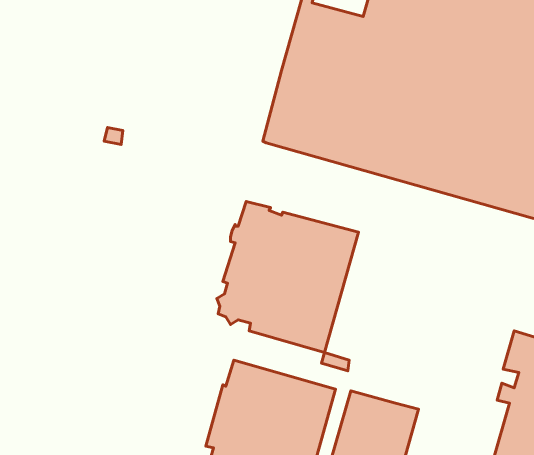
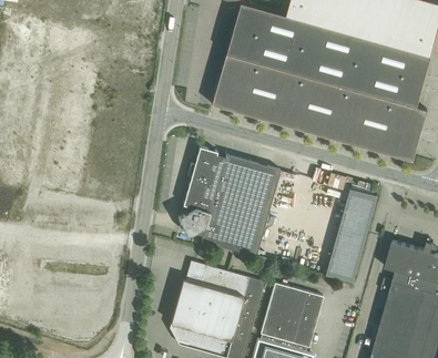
building: none -> [323,194,370,287]

